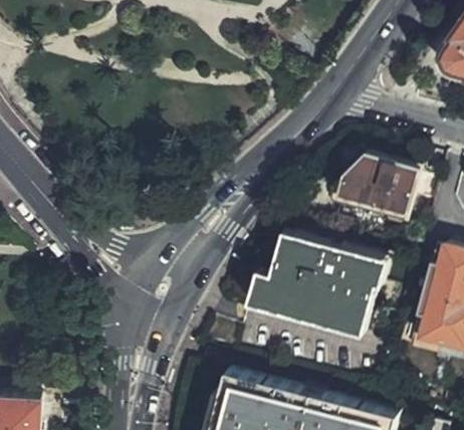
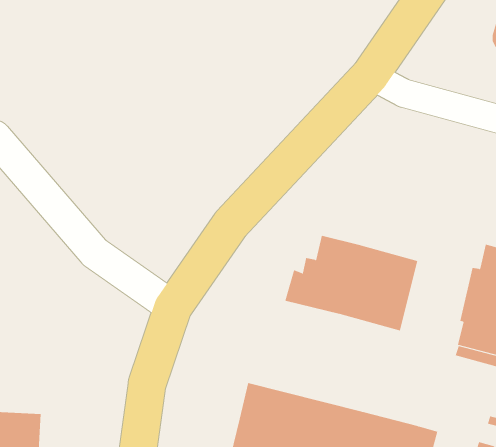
building: [341,158,420,240] -> none

